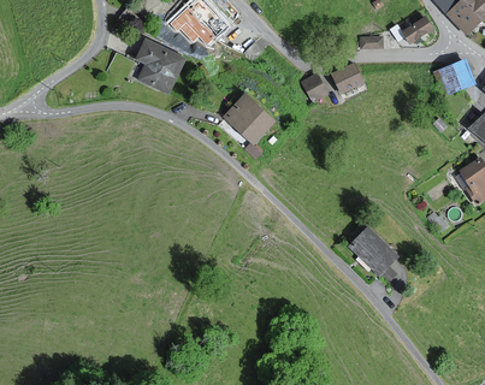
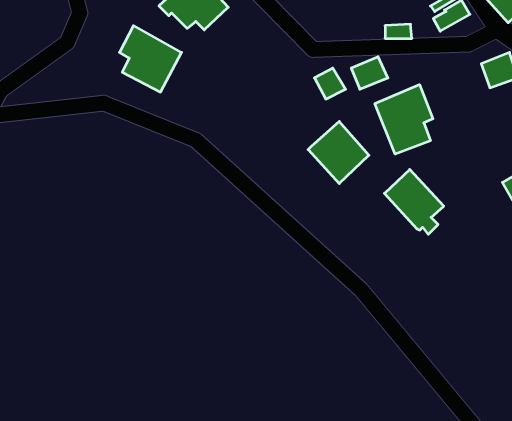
building: none -> [375,85,433,154]
building: [223,93,274,146] -> [308,121,369,184]
building: [350,226,401,282] -> [384,169,444,234]

